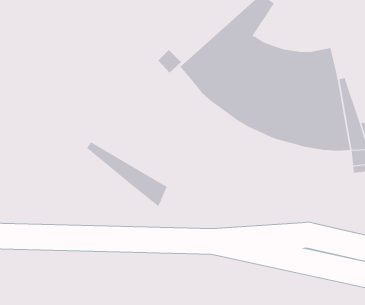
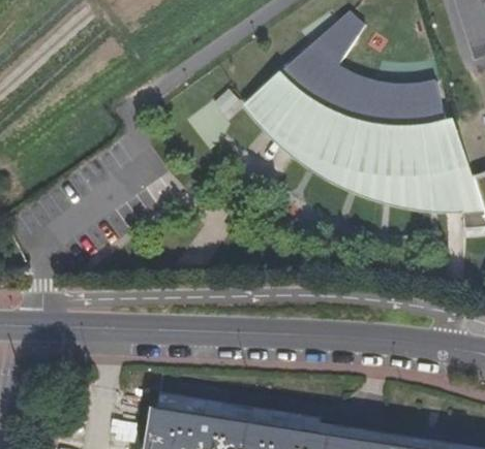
building: [86,141,168,207] -> none

